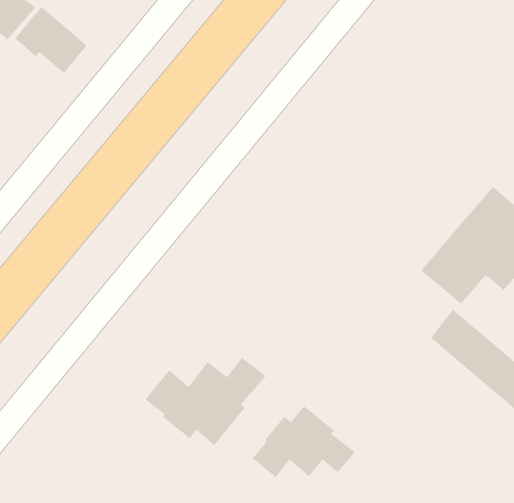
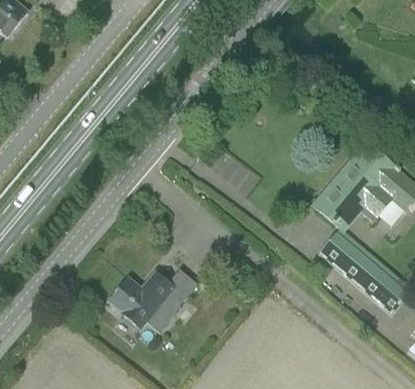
building: [14,6,88,74] -> none
building: [252,405,356,478] -> none

